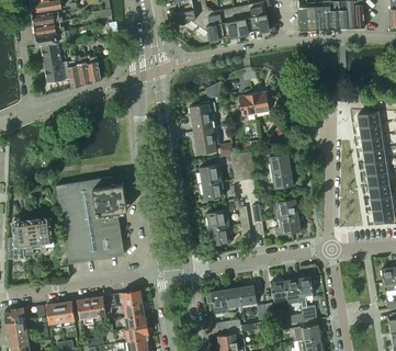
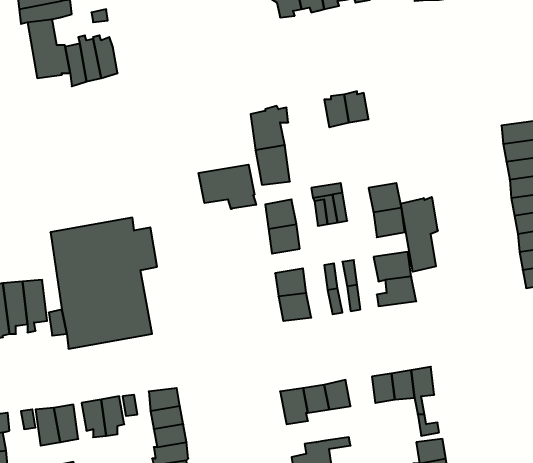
building: none -> [199,165,256,209]
building: none -> [401,197,438,272]

